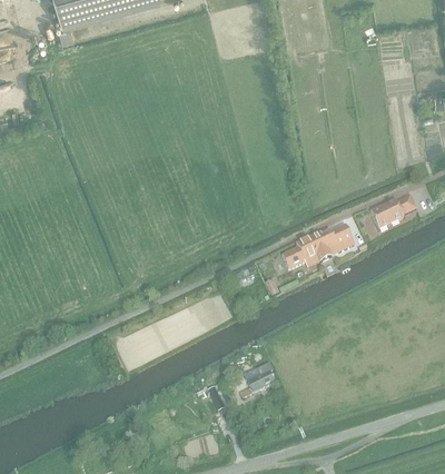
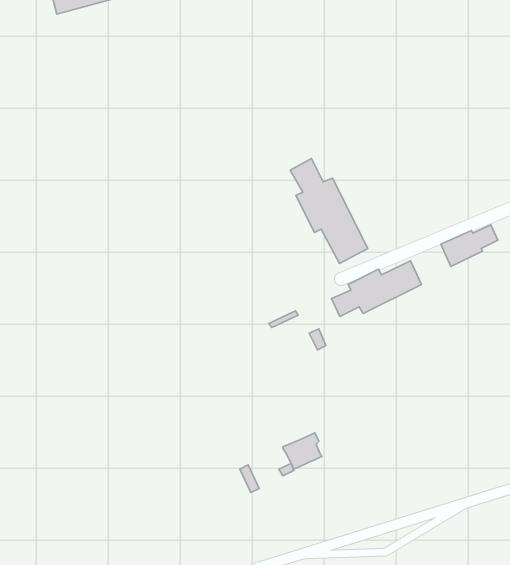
building: none -> [290,158,368,264]

